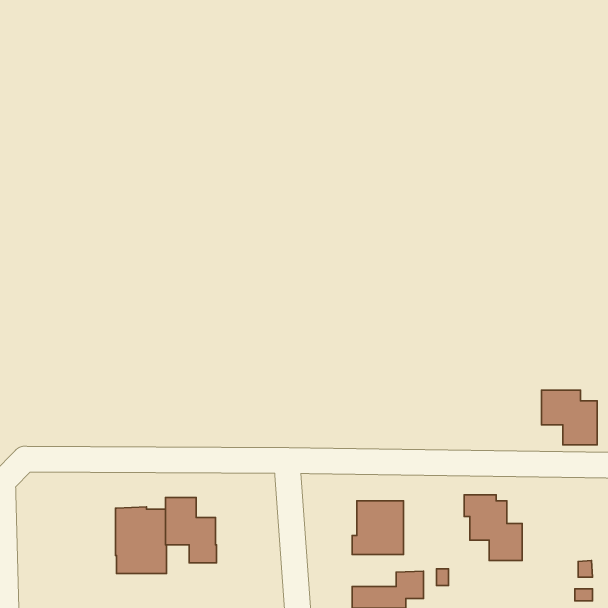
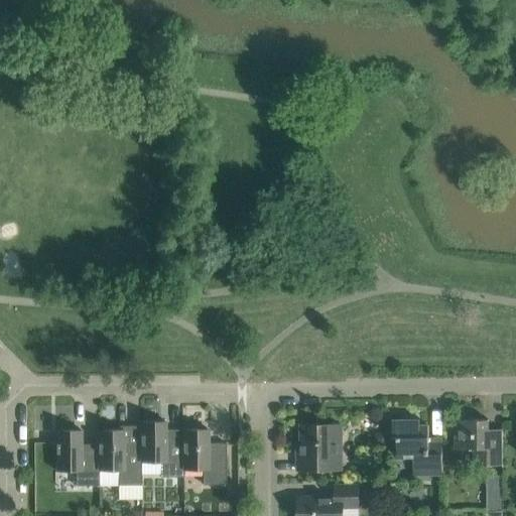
building: [541,390,597,445] -> [456,419,503,466]
building: none -> [182,429,226,485]
building: none -> [55,430,99,486]

